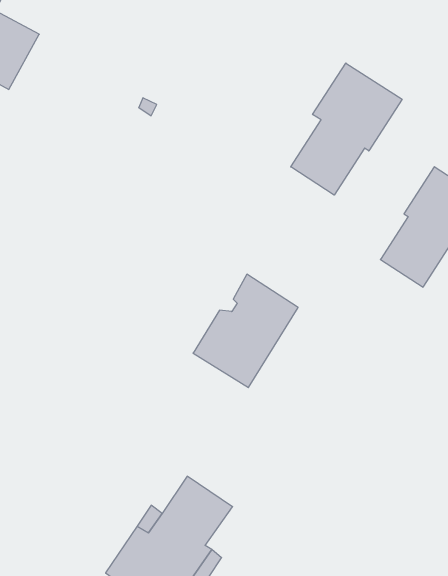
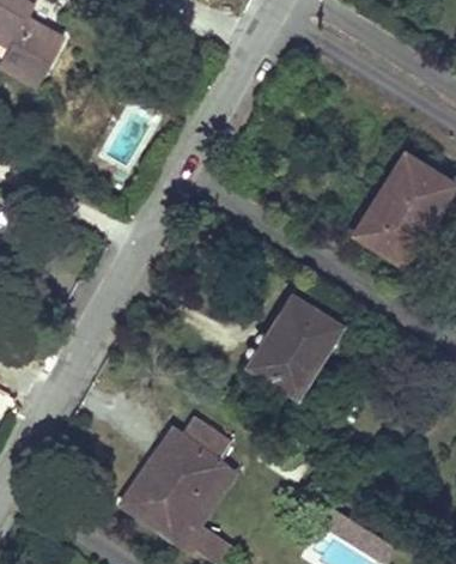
building: [291,63,402,195] -> none
building: [193,274,298,388] -> [249,297,340,395]

